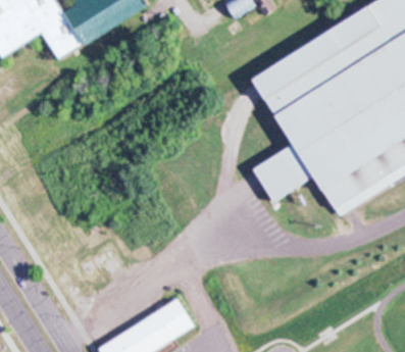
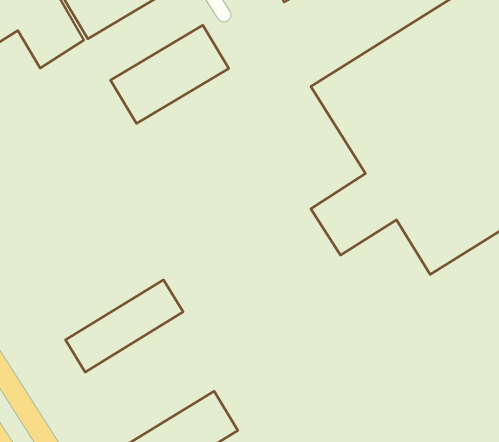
building: none -> [110,25,229,124]
building: none -> [65,280,183,372]

